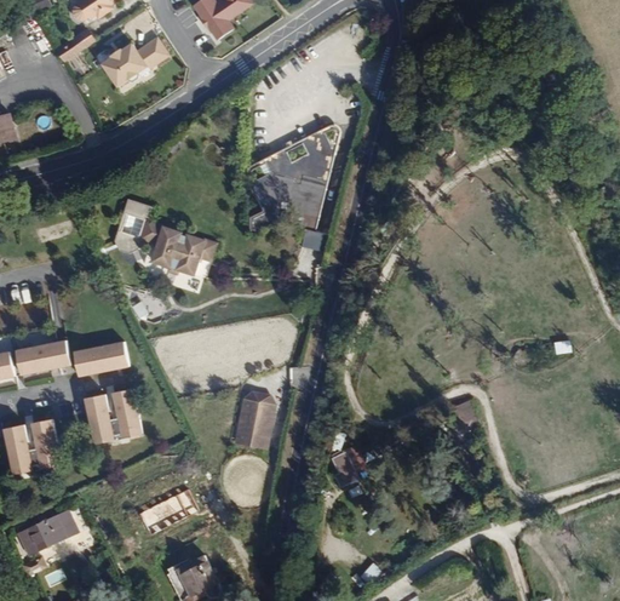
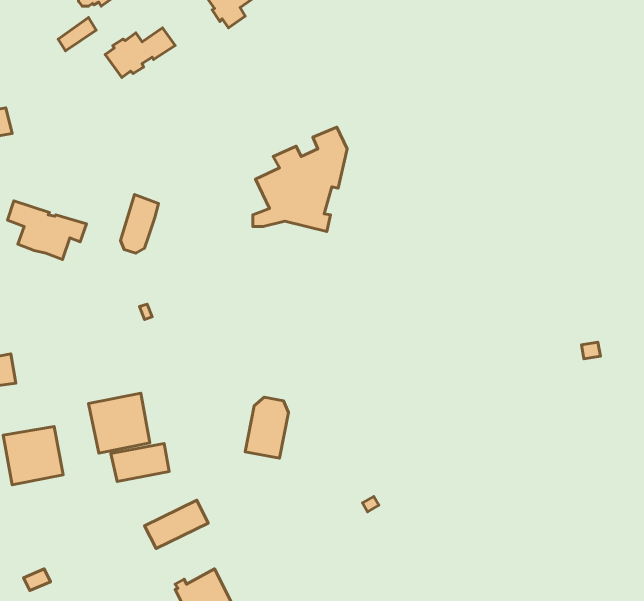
building: [142,221,217,276] -> [8,201,87,259]
building: [16,339,71,376] -> none
building: [74,340,130,377] -> [111,443,169,482]
building: [333,448,368,490] -> none
building: [18,510,79,555] -> none

